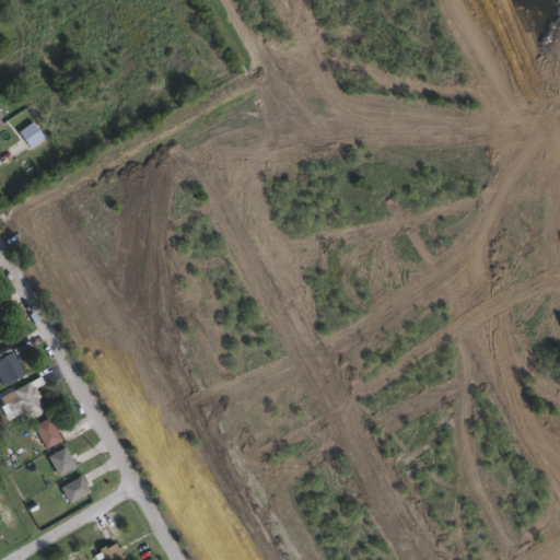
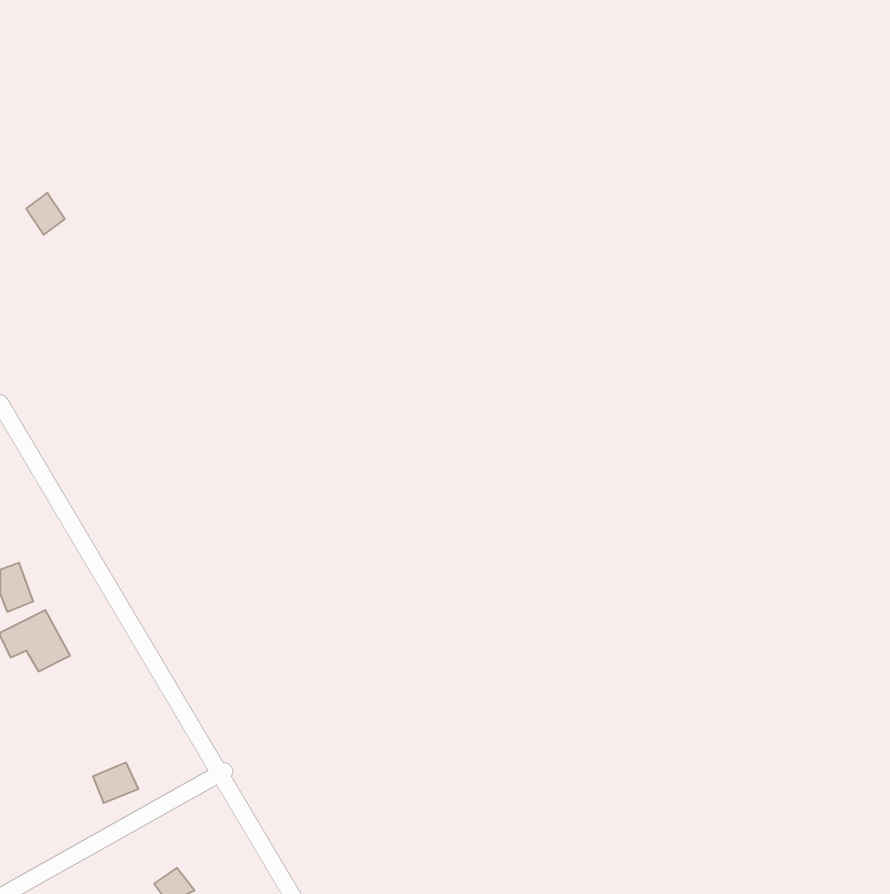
building: [33,417,62,450] -> none
building: [48,447,77,477] -> none

